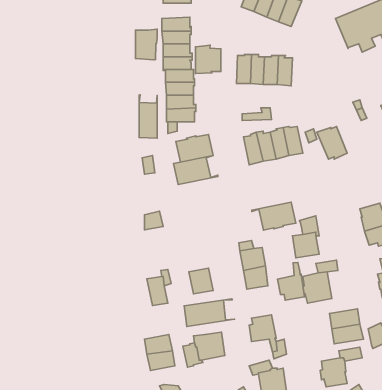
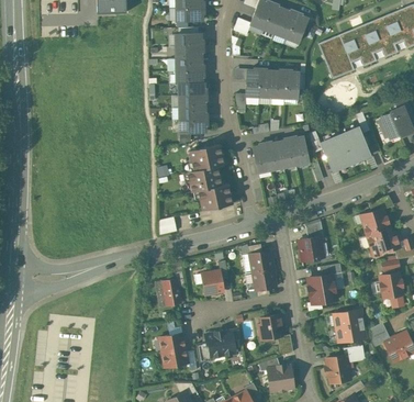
building: none -> [317,35,354,80]
building: [135,29,157,60] -> none
building: [195,45,221,74] -> none
building: [139,95,157,138] -> none
building: none -> [339,129,367,163]
building: [252,202,296,230] -> [190,185,232,211]
building: [277,262,304,300] -> none
building: [184,299,234,326] -> none

